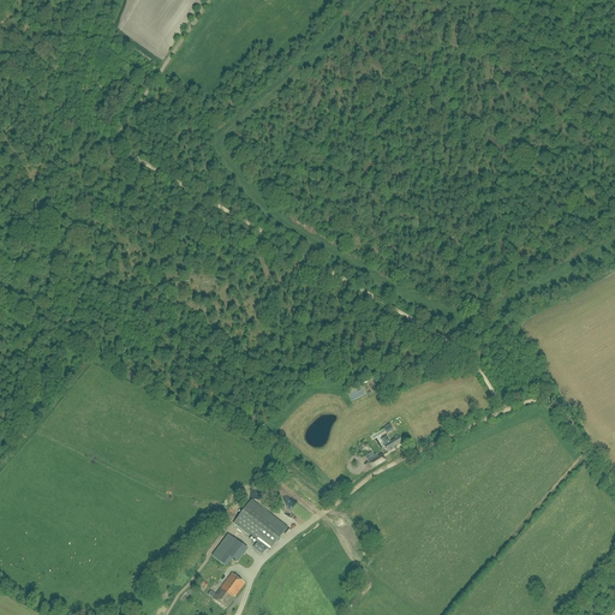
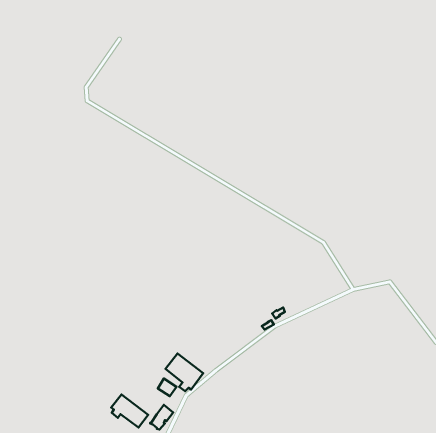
building: none -> [111,394,148,428]

